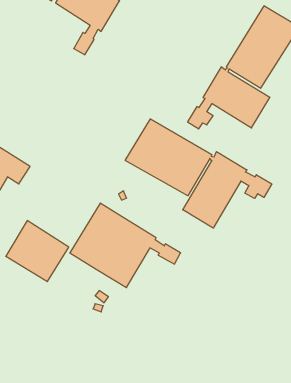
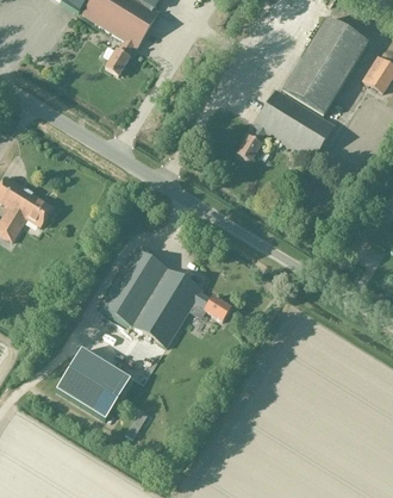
building: [125,119,272,228] -> none
building: [6,221,69,282] -> [56,347,130,418]

